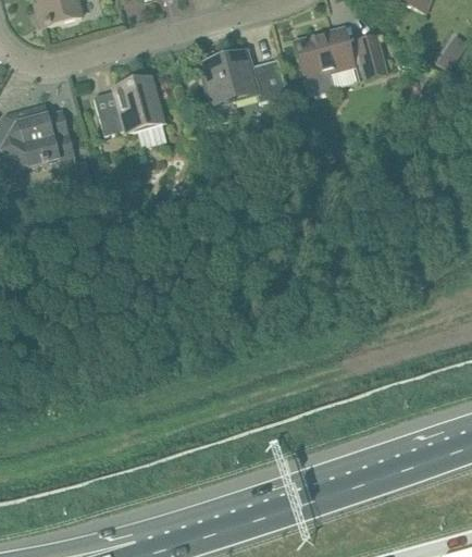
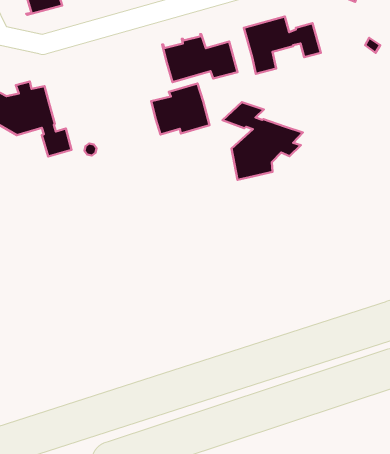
building: [94,74,162,134] -> [151,84,210,134]
building: none -> [222,102,303,180]

